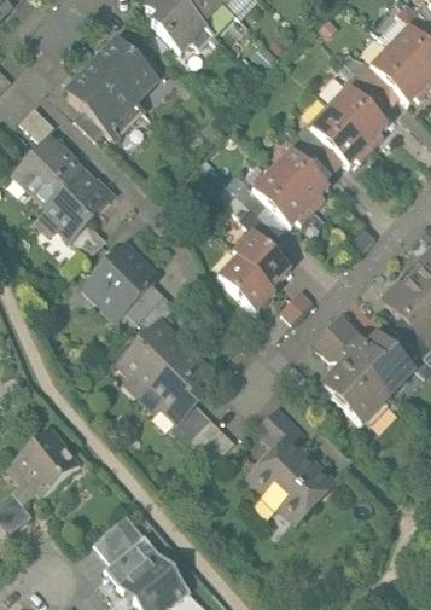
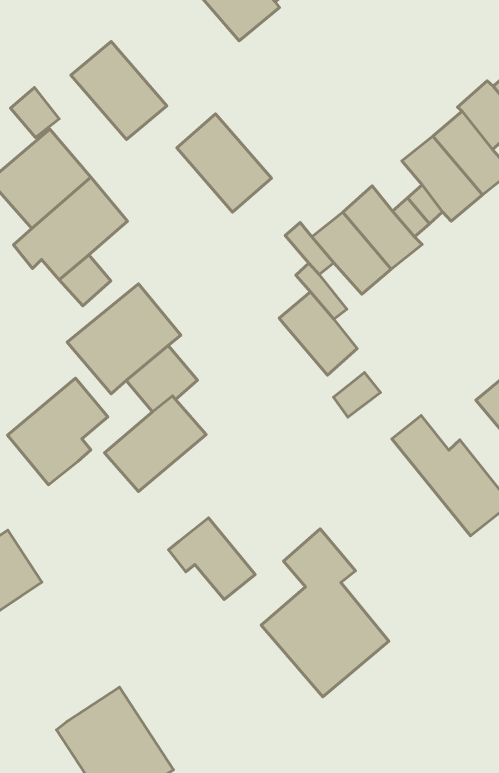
building: [87,37,158,108] -> [177,114,271,212]
building: [216,256,274,314] -> none
building: [313,331,389,425] -> none
building: [144,343,215,423] -> [8,378,108,485]
building: [94,513,146,563] -> none

